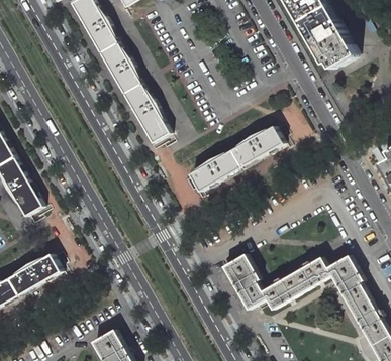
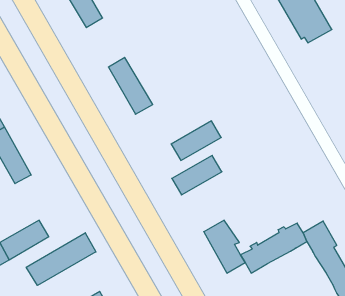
building: [99,42,139,94] -> none
building: [230,126,283,167] -> [172,155,222,195]
building: none -> [26,233,96,285]

